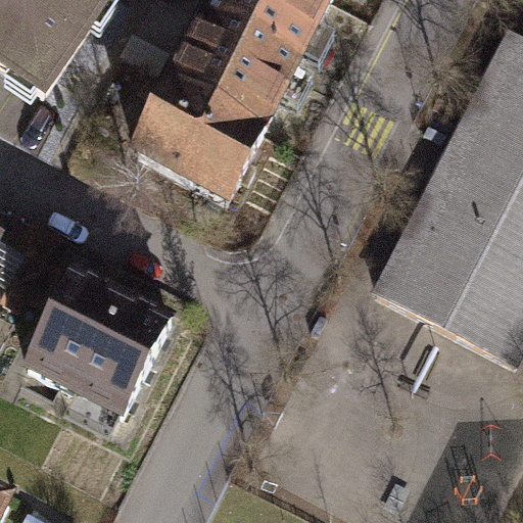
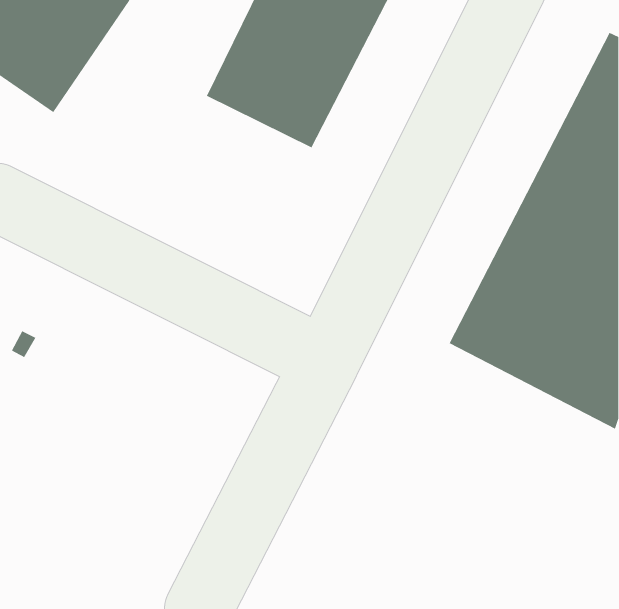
building: [136,81,262,198] -> none
building: [25,269,170,413] -> none

